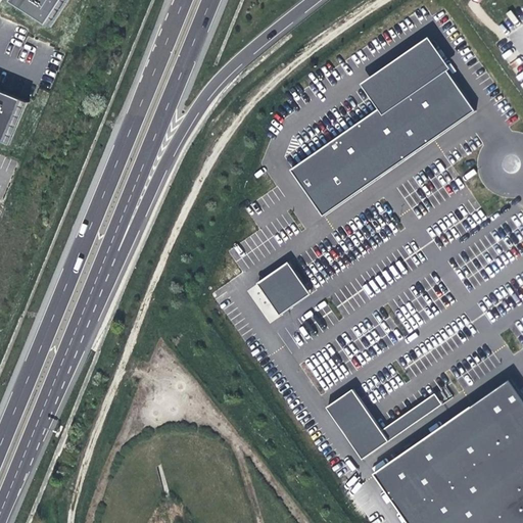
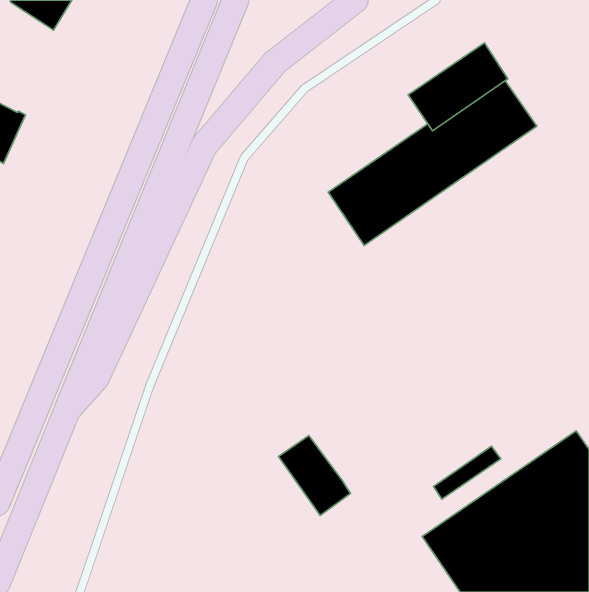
building: [256,264,307,316] -> none
building: [326,389,389,460] -> [279,435,350,515]

